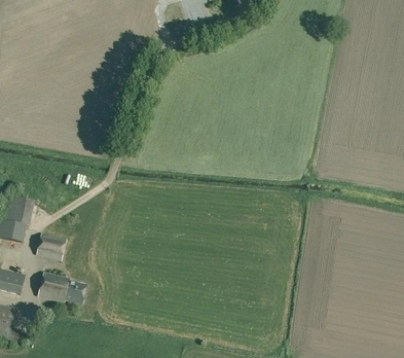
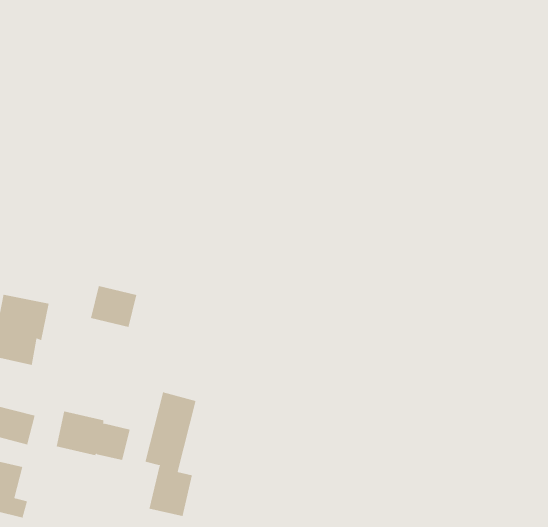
building: [36,232,67,260] -> [90,285,137,327]
building: none -> [145,391,196,517]

